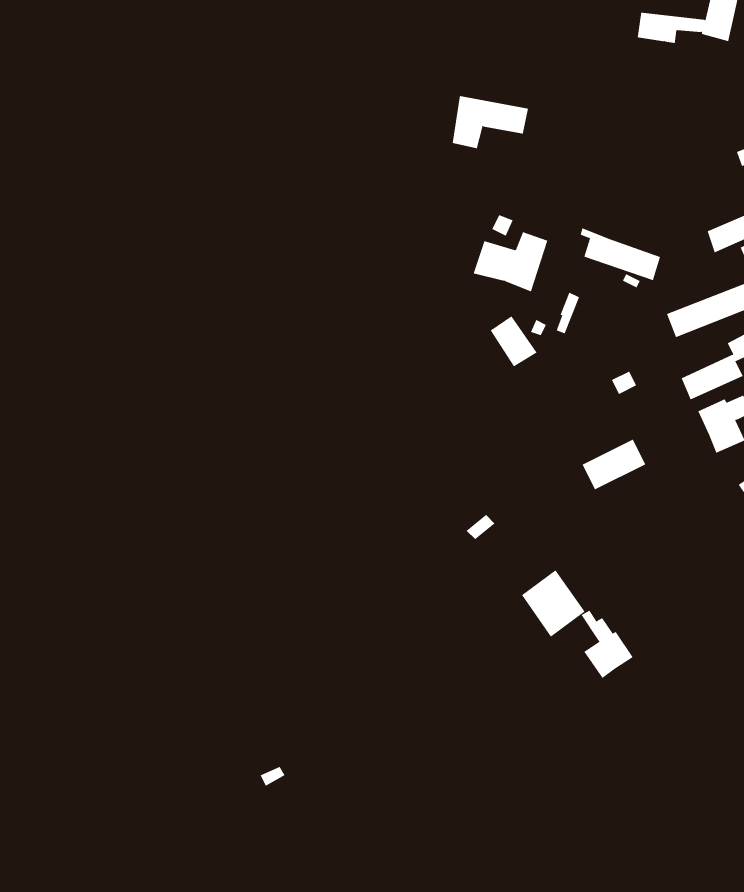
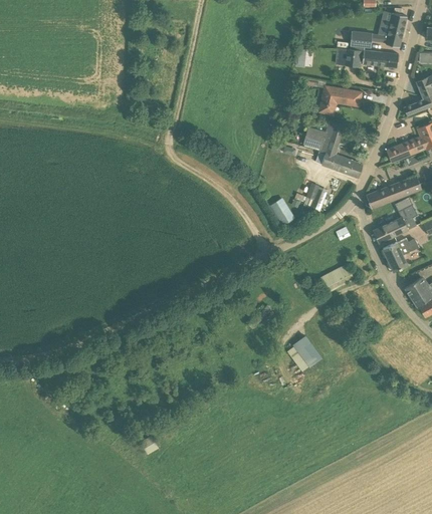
building: none -> [344,48,398,67]
building: [452,96,529,149] -> [318,84,361,113]
building: [473,231,548,292] -> [301,120,343,154]
building: [581,610,633,679] -> none

